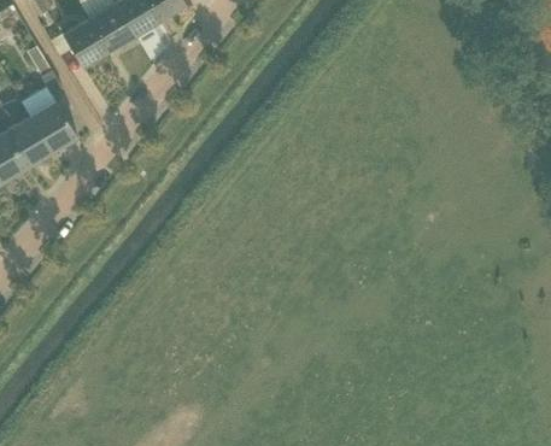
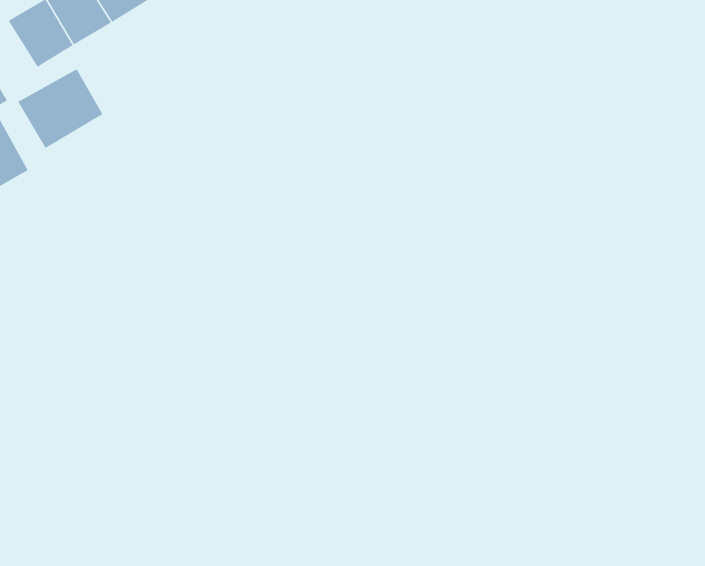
building: none -> [17,68,103,149]

